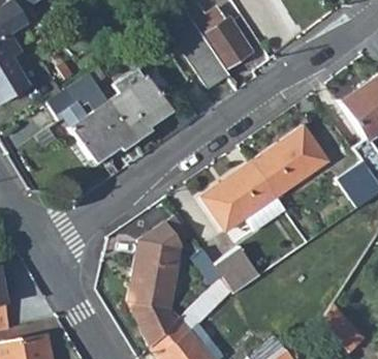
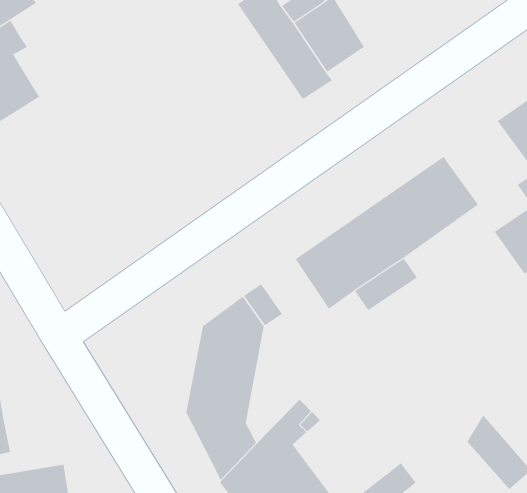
building: [50,68,168,161] -> none
building: [191,246,259,294] -> none

